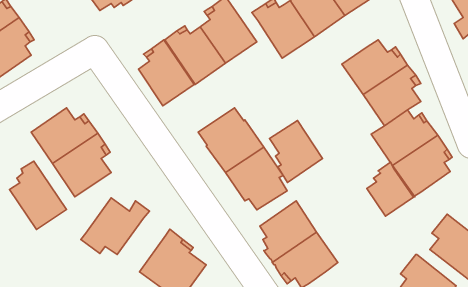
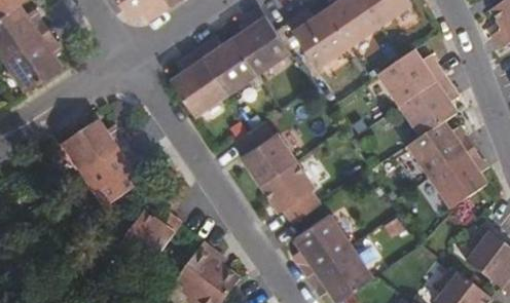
building: [269,120,323,182] -> none
building: [10,161,67,229] -> none
building: [367,162,414,216] -> none

